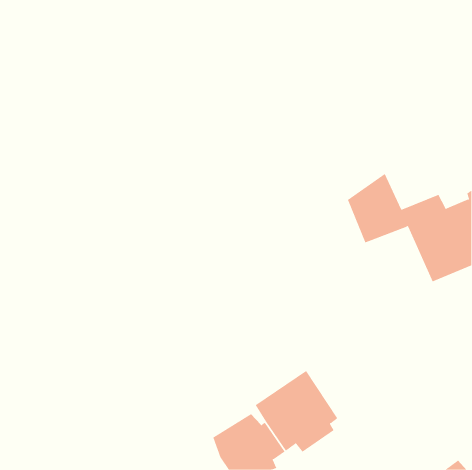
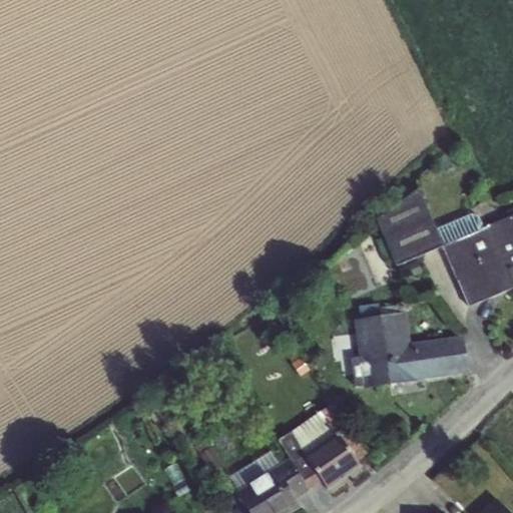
building: none -> [351,311,470,388]

